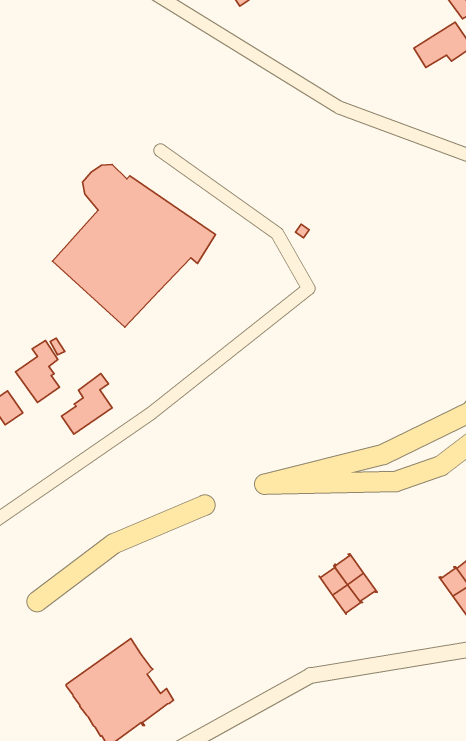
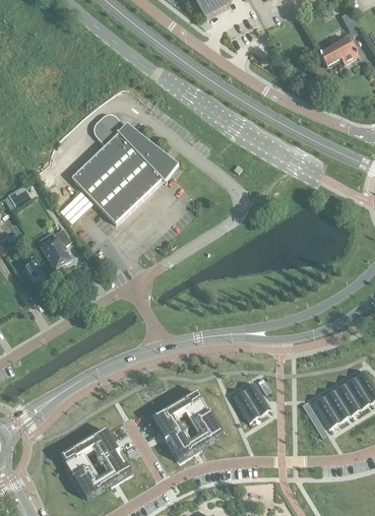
building: [61,374,112,434] -> none
building: none -> [152,389,223,459]

